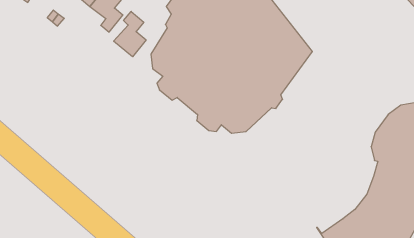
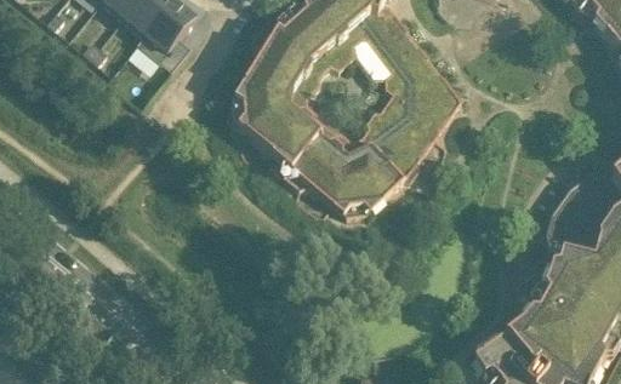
building: [114,11,146,57] -> none

